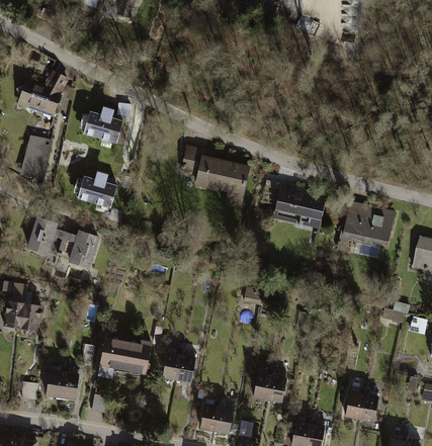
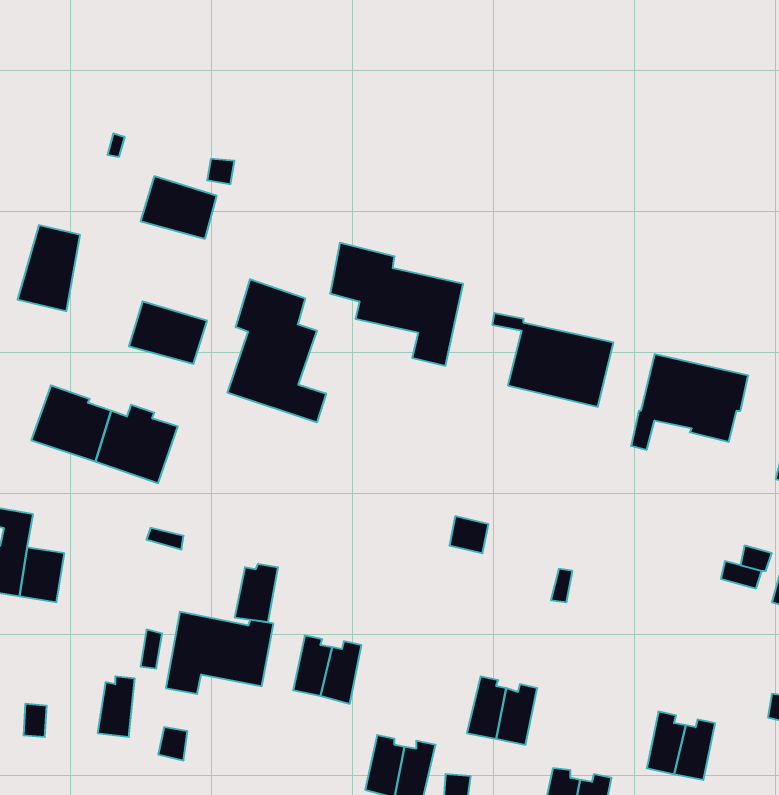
building: [16,72,69,116] -> none
building: none -> [228,279,326,422]
building: none -> [235,564,278,622]
building: [46,366,65,398] -> none

